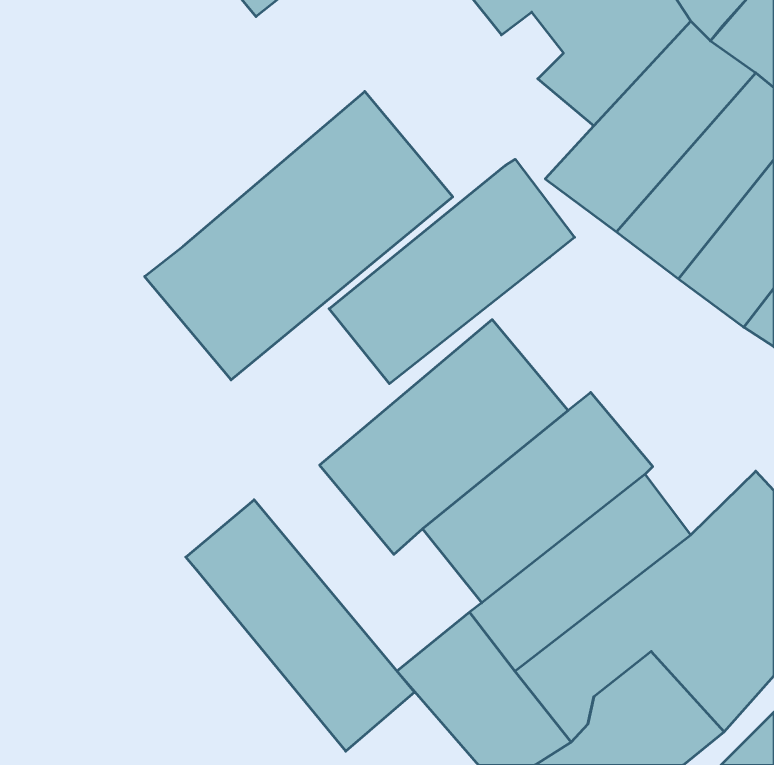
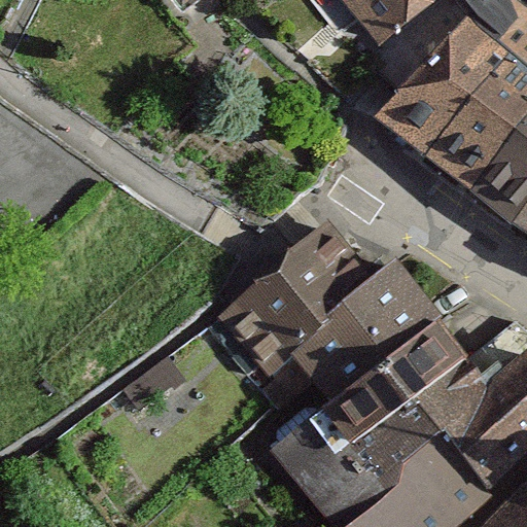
building: [145,91,453,380] -> none
building: [329,159,575,384] -> none
building: [186,500,414,751] -> none

